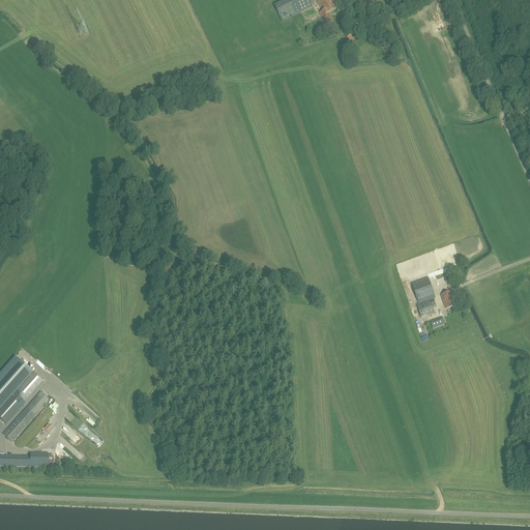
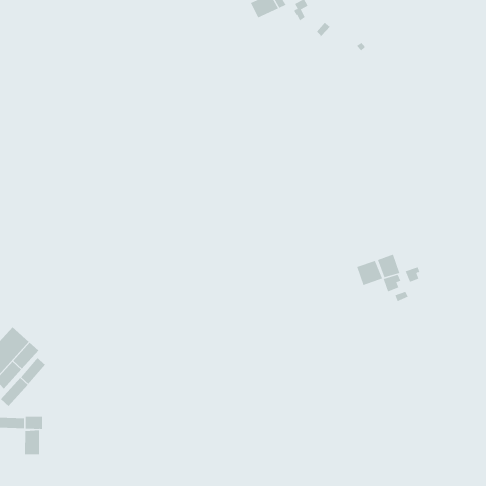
building: none -> [356,260,383,286]
building: none -> [25,429,39,455]

